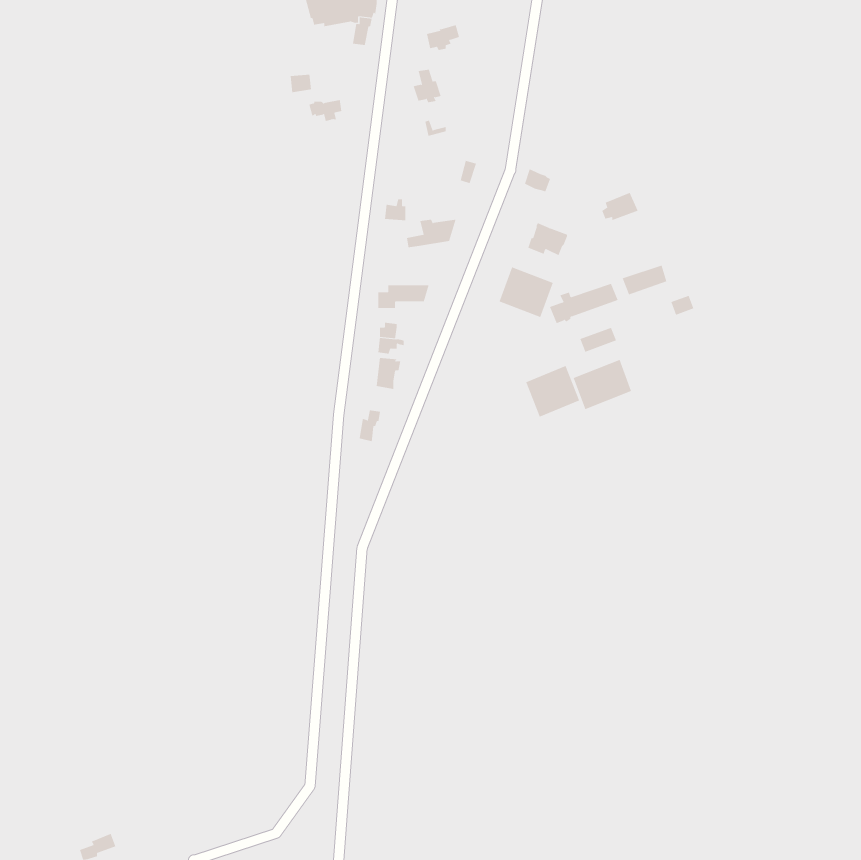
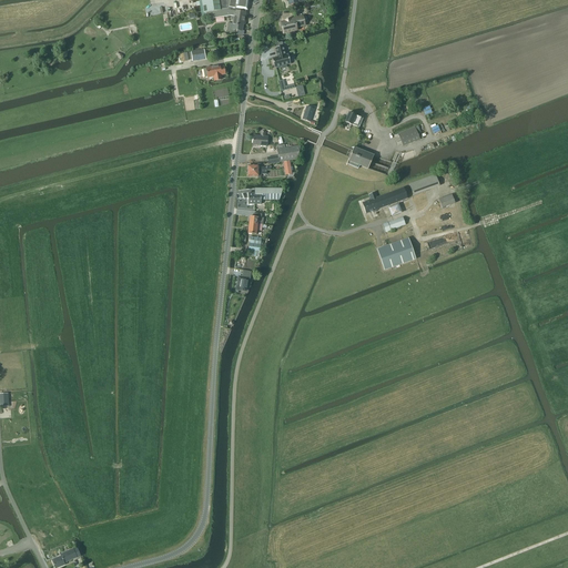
building: [499,266,554,318] -> none
building: [526,365,580,417] -> none

